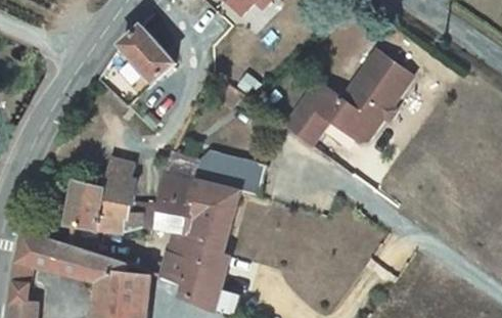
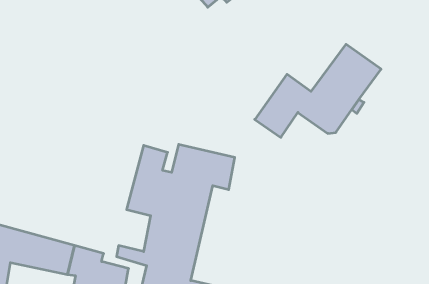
building: [116,26,171,80] -> none
building: [58,149,157,229] -> none

